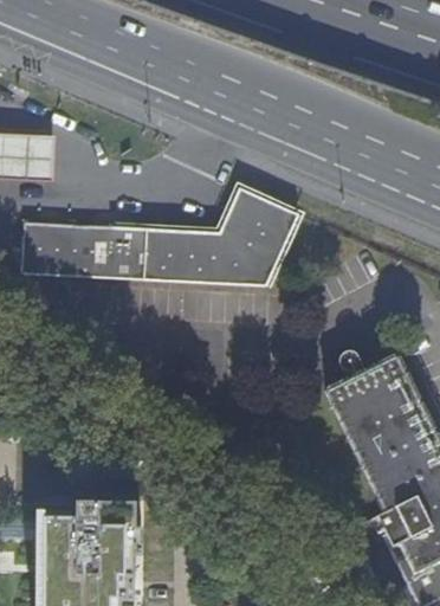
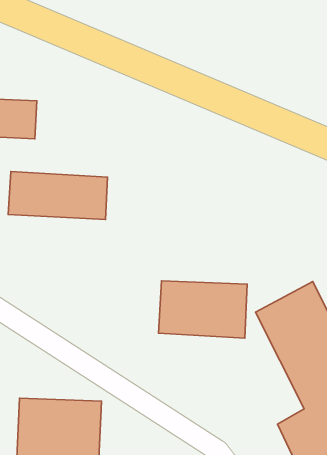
building: [141,187,300,288] -> none
building: none -> [159,281,247,338]

